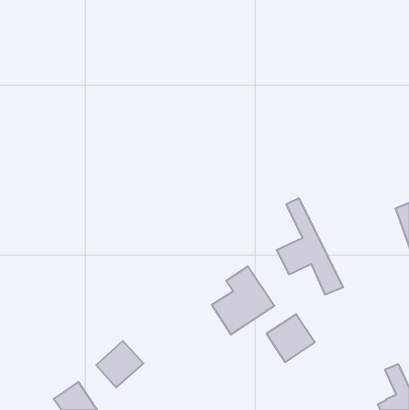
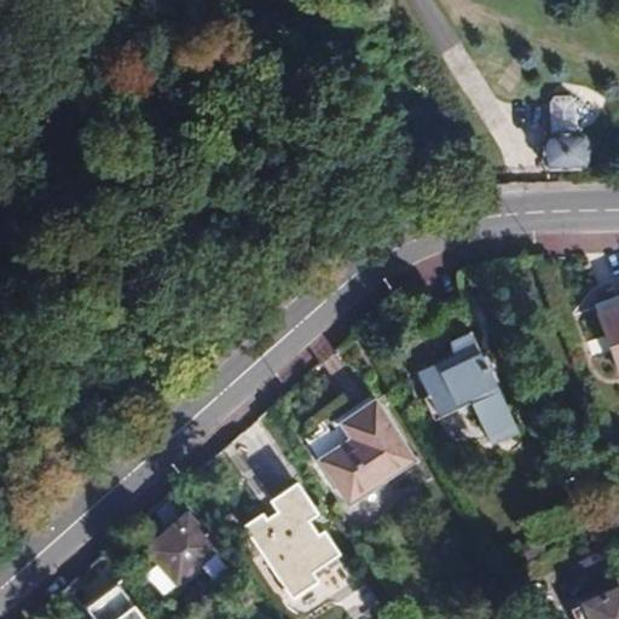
building: none -> [544,96,585,166]
building: [267,314,315,362] -> none
building: none -> [243,481,341,601]

